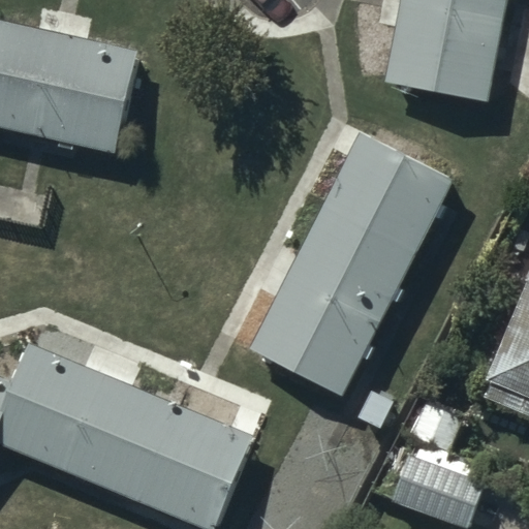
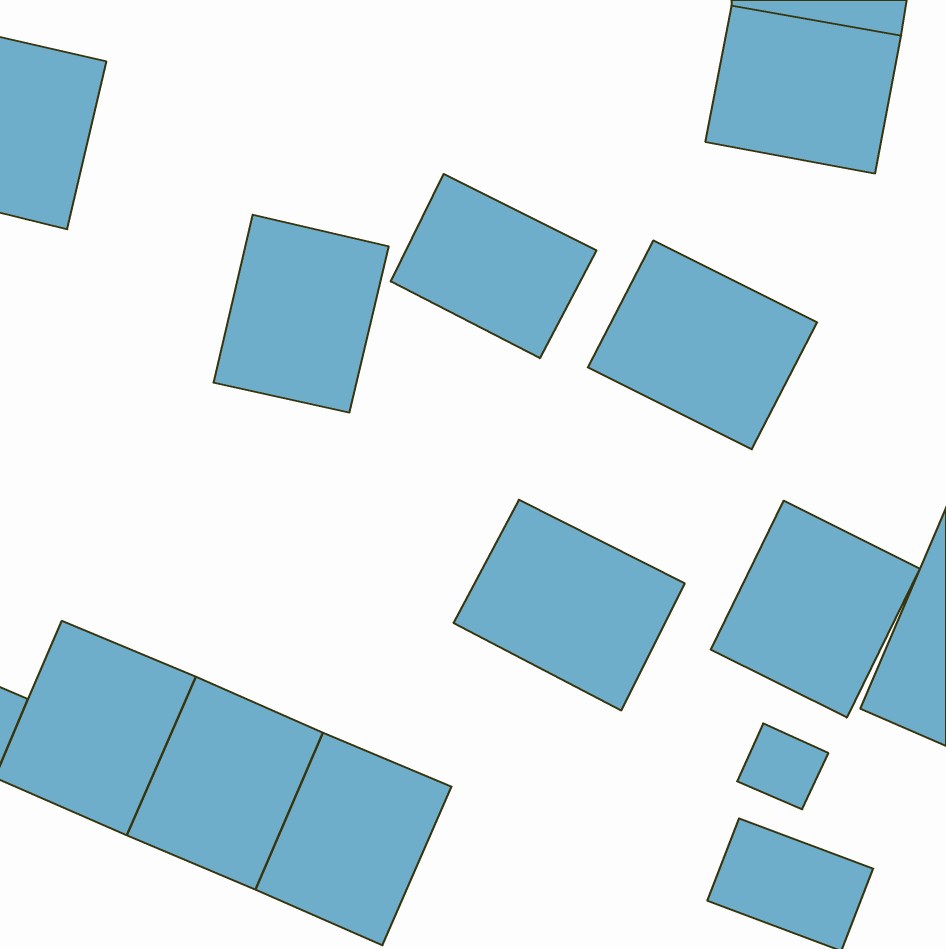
building: [37,36,134,146] -> [213,215,389,412]
building: none -> [391,174,596,358]
building: [287,206,416,325] -> none
building: none -> [711,501,920,718]

